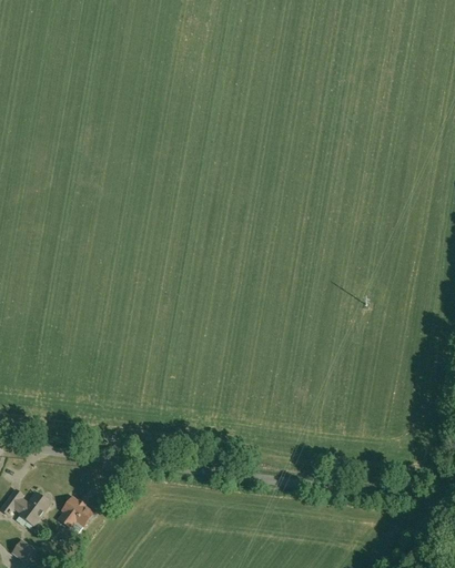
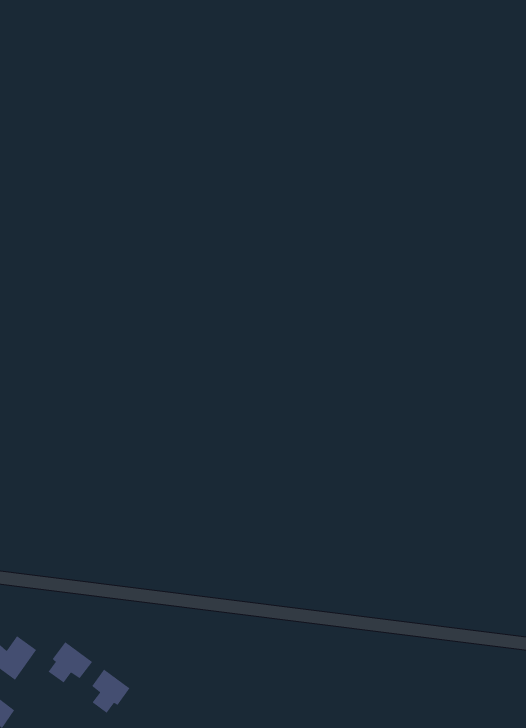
building: none -> [91,669,130,714]

